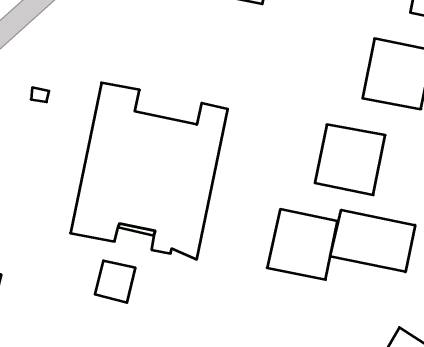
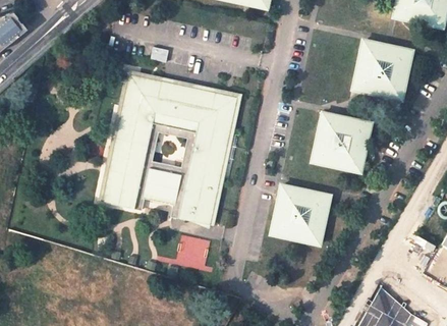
building: none -> [158,82,215,111]
building: [330,210,415,272] -> none
building: [95,261,135,303] -> [175,234,210,270]

